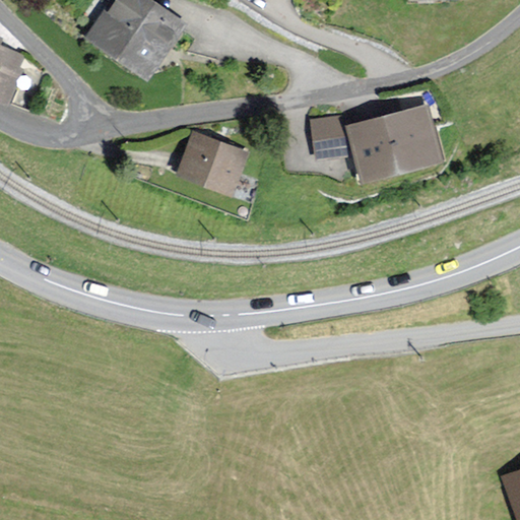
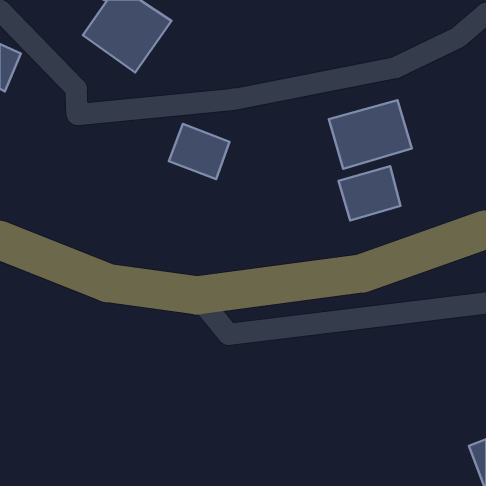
building: [310,111,340,153] -> none
building: none -> [339,166,400,221]

